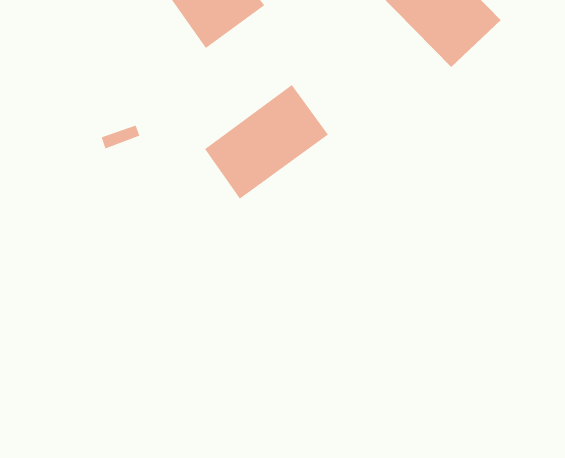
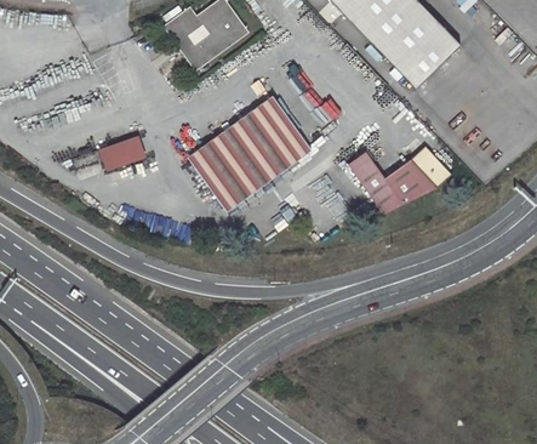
building: none -> [348,146,451,214]

